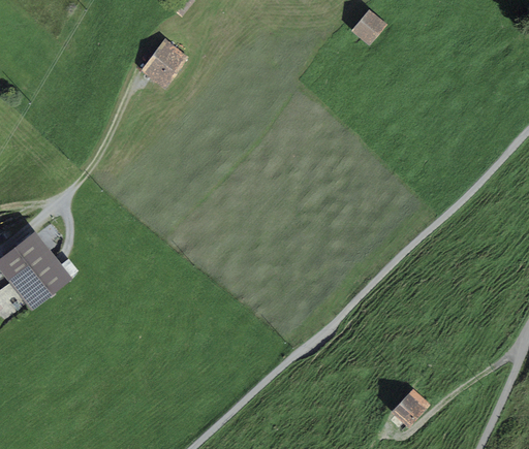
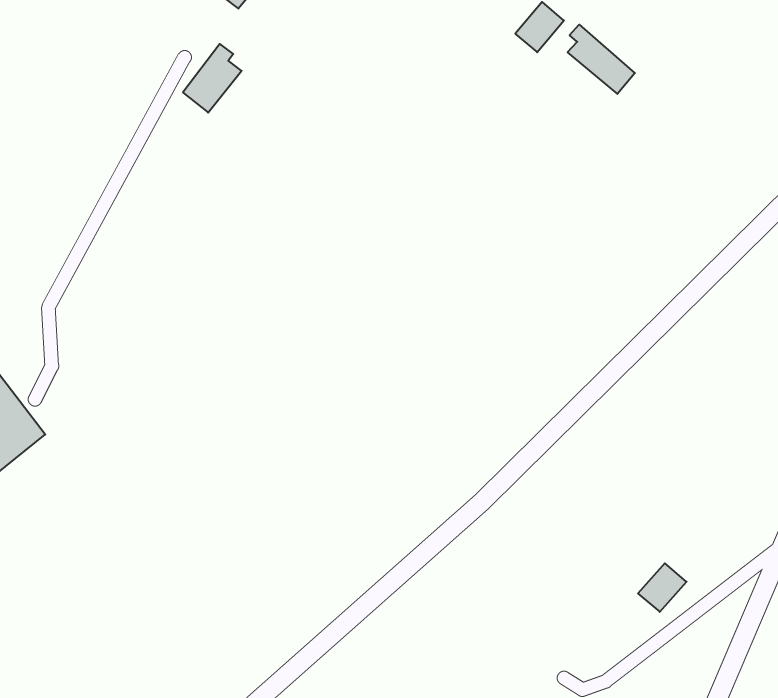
building: none -> [568,25,635,94]
building: [396,392,426,422] -> [638,563,687,612]

